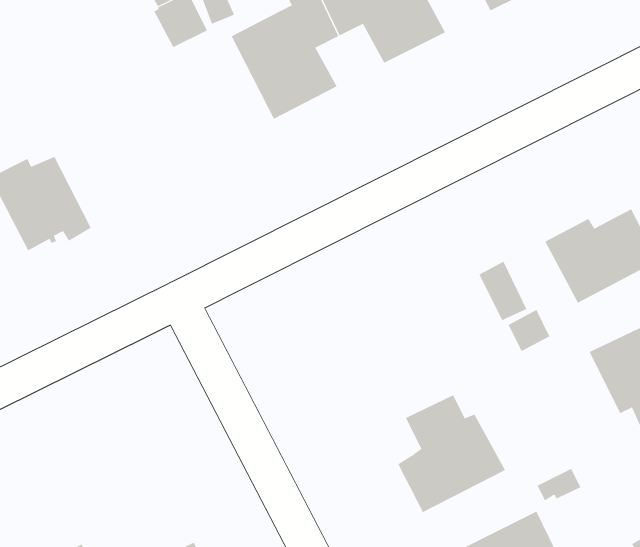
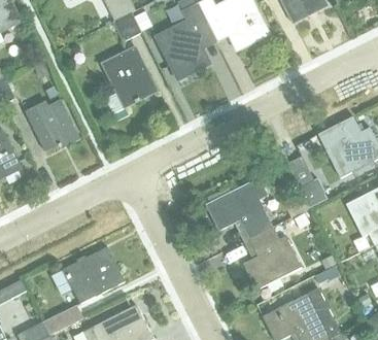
building: none -> [103,46,157,112]
building: none -> [205,178,273,238]
building: none -> [50,247,126,302]

